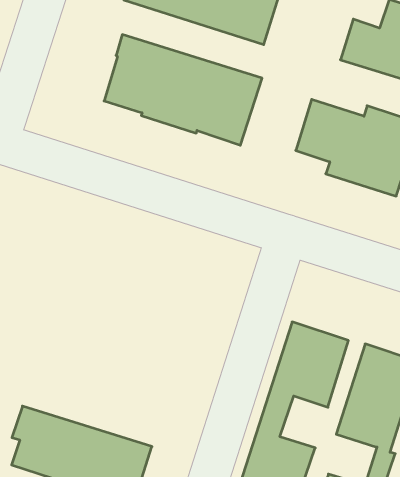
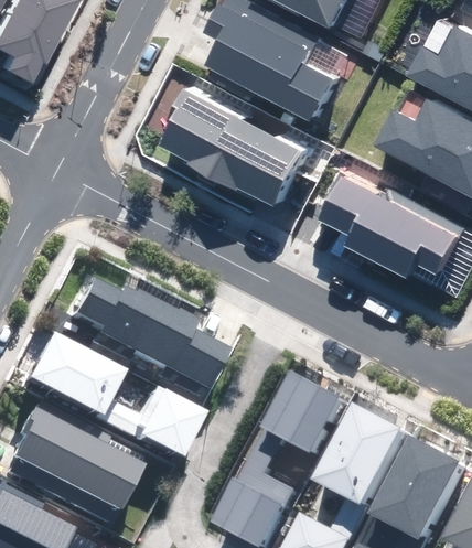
building: none -> [78,279,230,388]
building: none -> [31,332,207,456]

